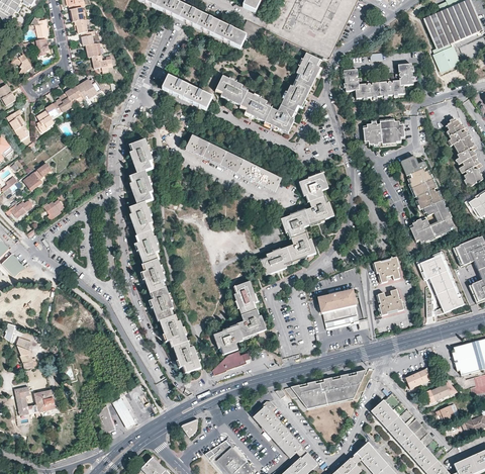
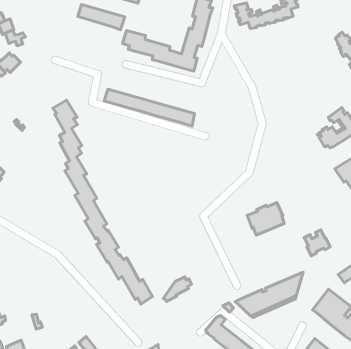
building: [163,76,213,110] -> [78,5,125,30]
building: [364,119,405,145] -> none
building: [400,156,441,208] -> none
building: [261,173,334,275] -> none
building: [374,253,400,282] -> none
building: [214,281,267,354] -> none
building: [378,289,404,315] -> [304,230,330,256]

